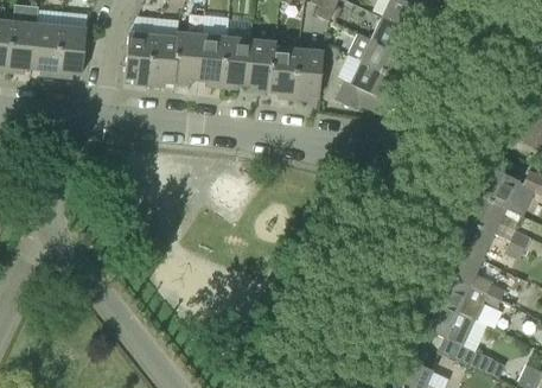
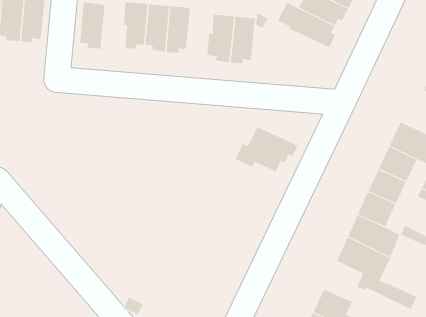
building: [149,34,178,87] -> none
building: [246,38,276,91] -> none
building: [336,62,407,113] -> [235,127,298,172]

